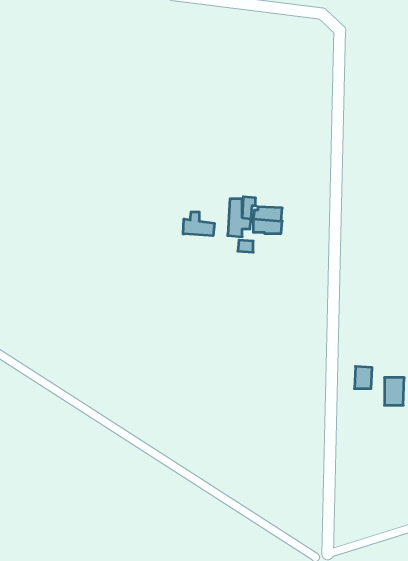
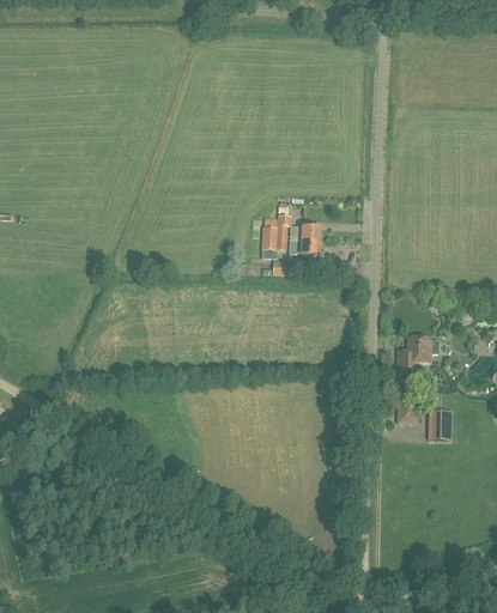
building: [183,212,214,236] -> none
building: none -> [398,334,438,371]

